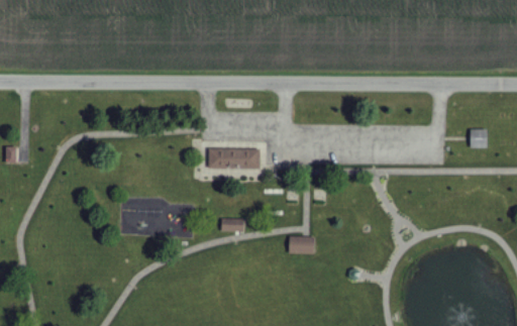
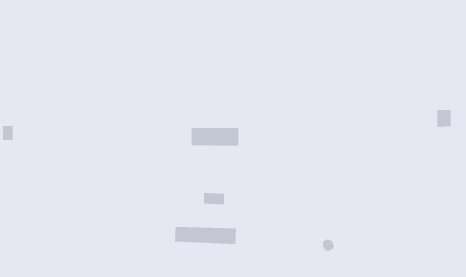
building: [289,235,314,252] -> none
building: none -> [175,226,236,245]

